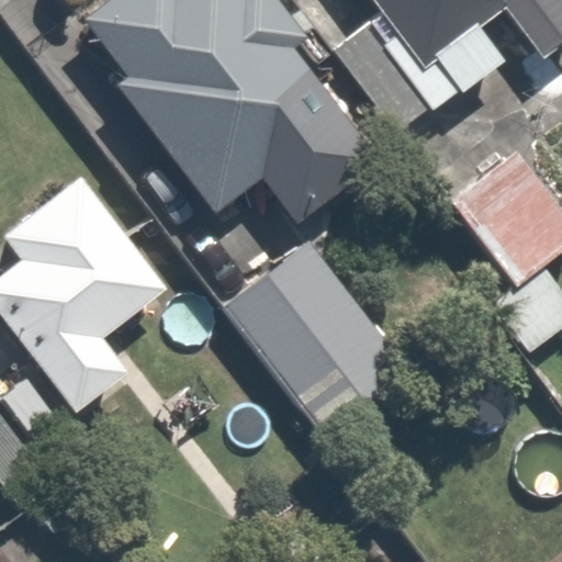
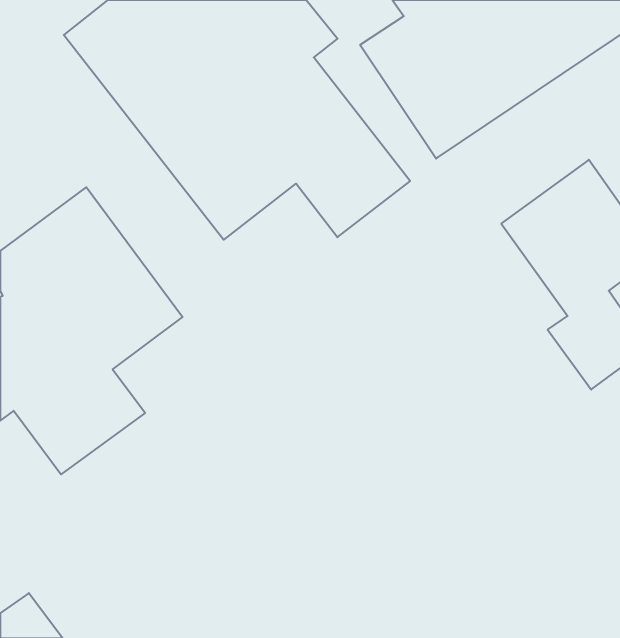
building: [221,232,404,418] -> none

